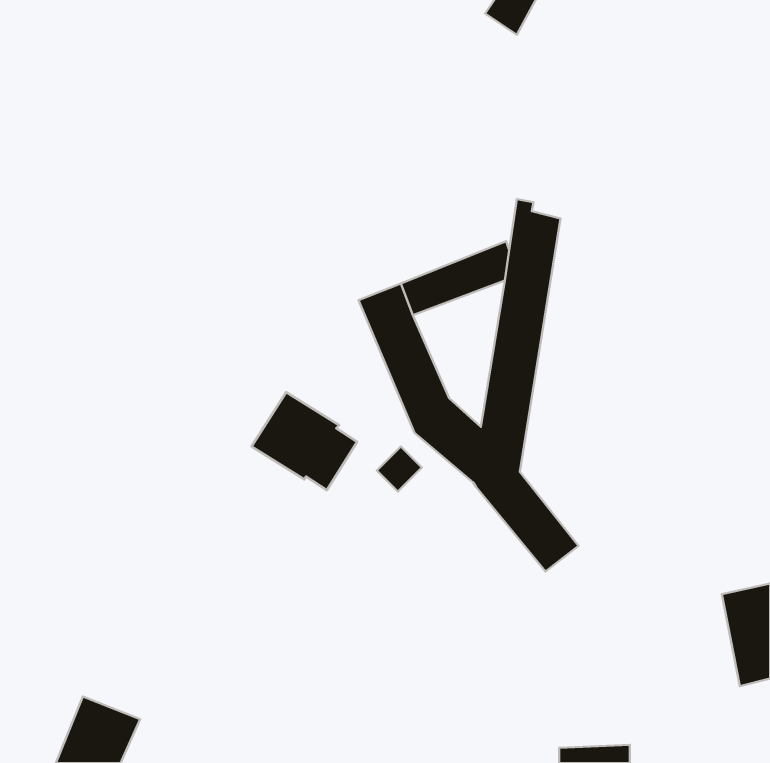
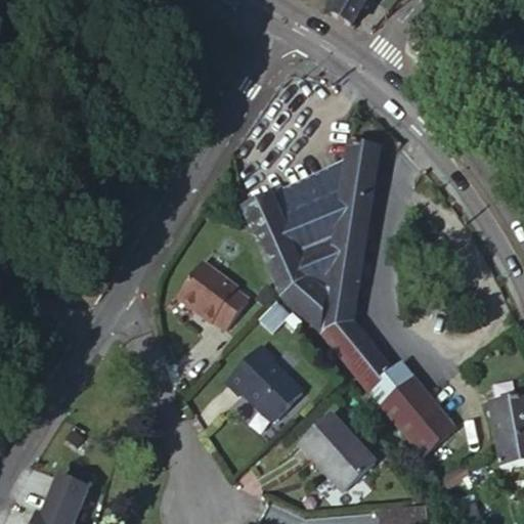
building: none -> [280,190,343,290]
building: none -> [224,346,301,420]
building: none -> [370,361,454,452]
building: none -> [297,414,375,490]

